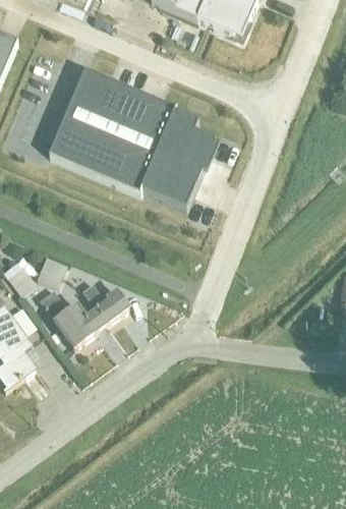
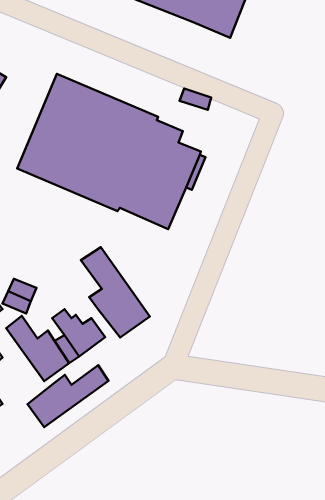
building: none -> [81,247,150,337]
building: none -> [27,365,108,427]

